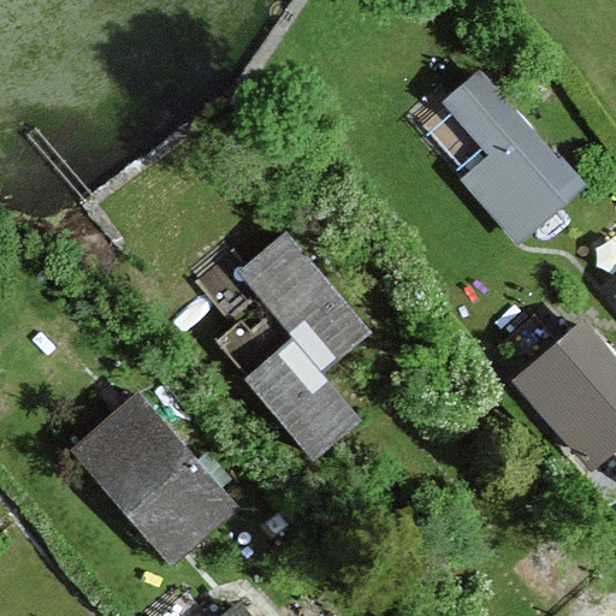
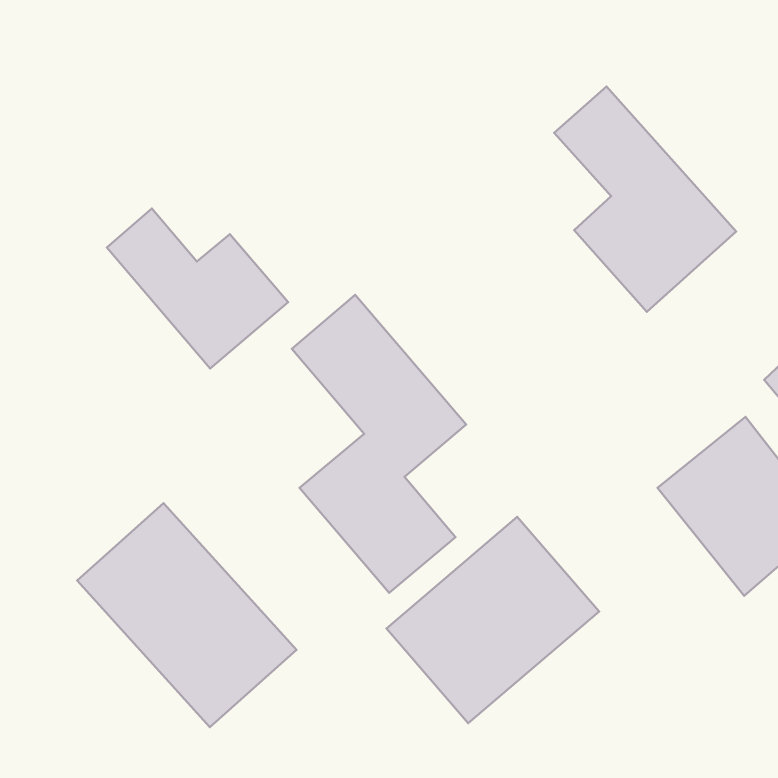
building: none -> [107,208,288,368]
building: none -> [386,517,599,723]

